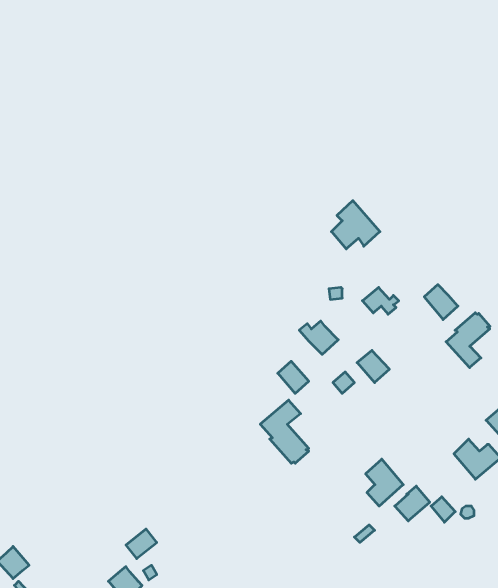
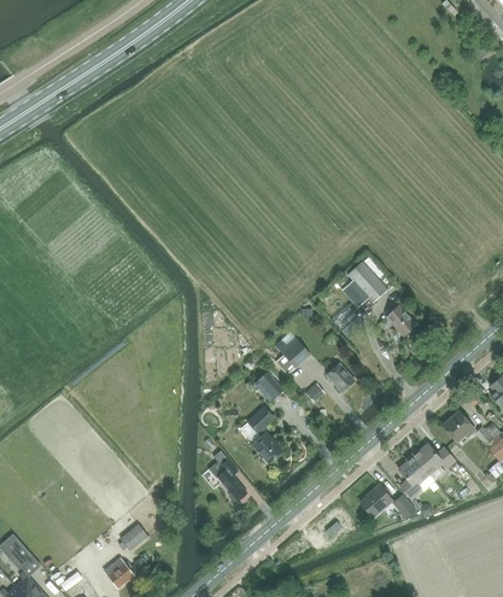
building: [331,201,380,249] -> [345,261,388,304]
building: [446,313,490,368] -> none
building: none -> [212,450,247,501]
building: [366,459,403,506] -> [399,456,433,498]

